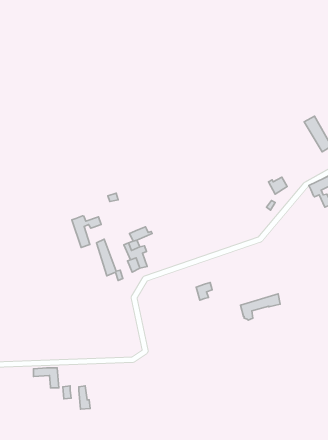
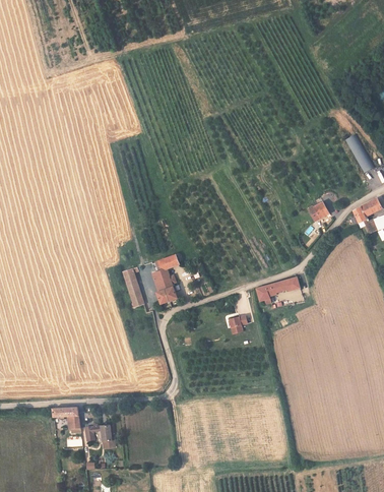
building: [72,216,101,248] -> none
building: [241,294,280,320] -> [256,275,299,304]

